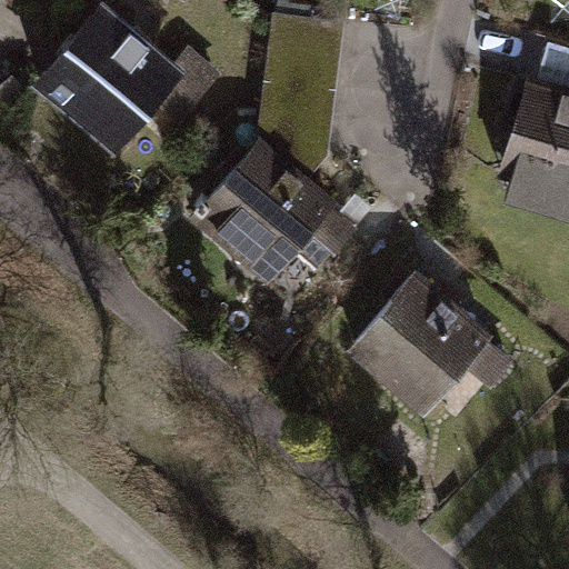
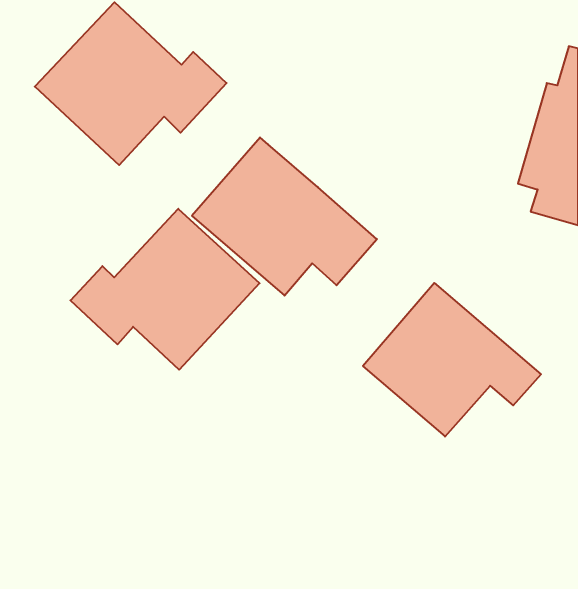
building: [258,6,347,180] -> none
building: none -> [70,209,260,370]

